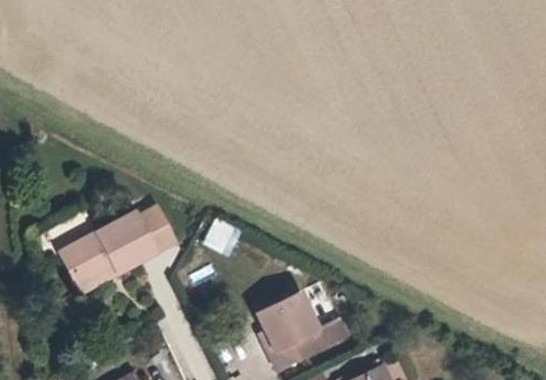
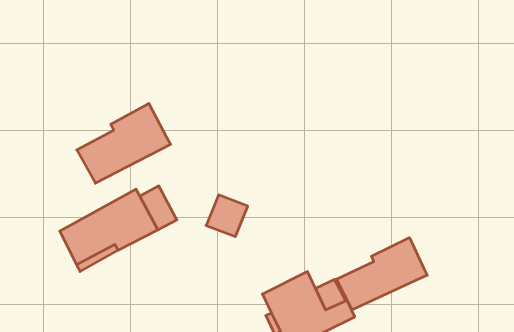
building: none -> [77,103,171,183]
building: none -> [337,238,427,310]

